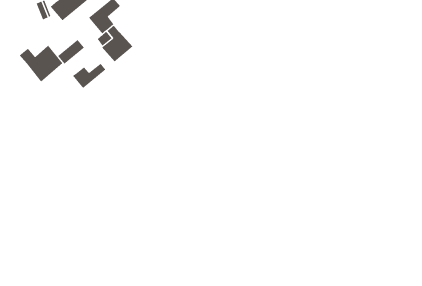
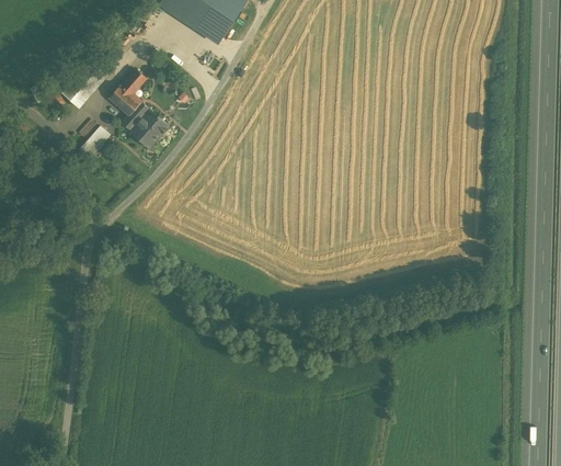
building: [19,45,63,83] -> none
building: [72,63,106,89] -> none

